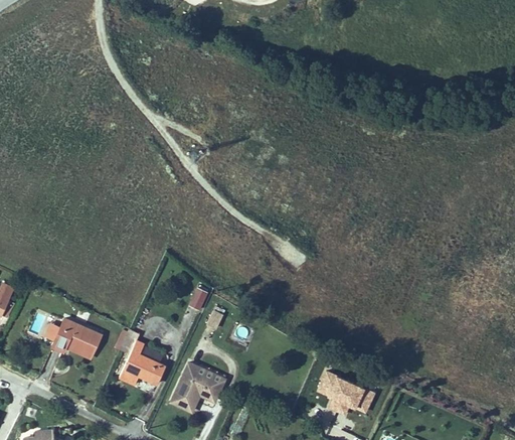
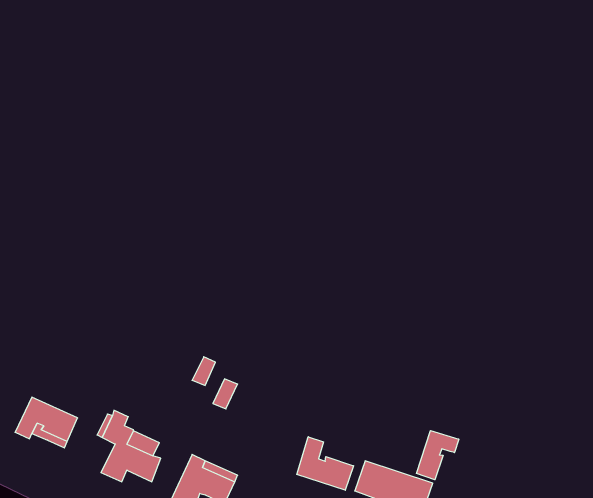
building: none -> [417,431,459,480]
building: none -> [297,437,354,490]

